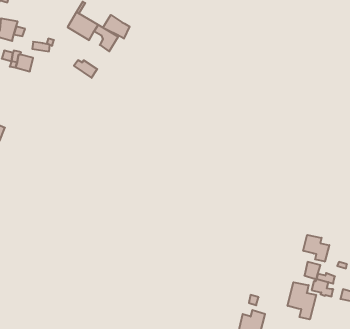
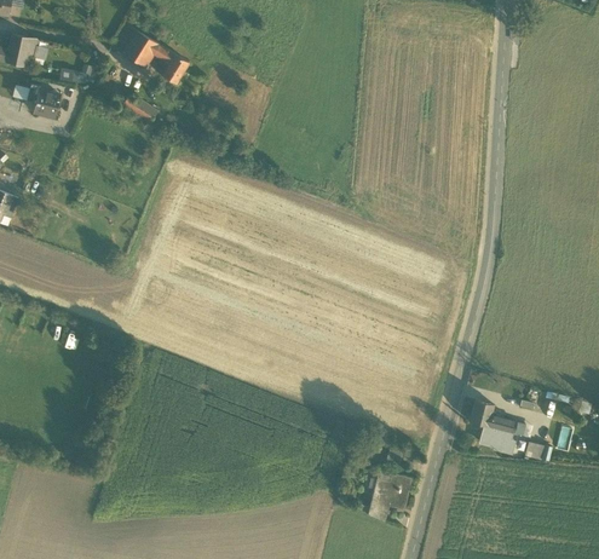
building: [103,15,130,39] -> none
building: [303,235,329,262] -> none
building: [288,282,316,319] -> none

